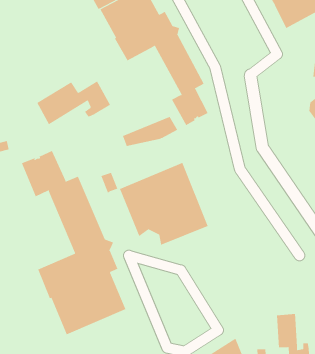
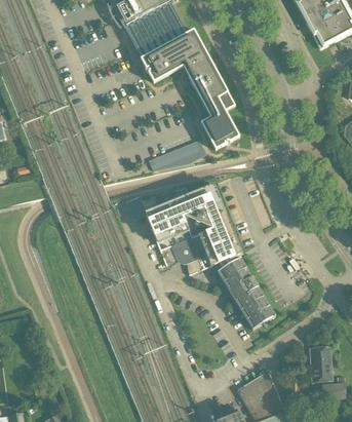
building: [36,81,111,125] -> none
building: [21,150,126,335] -> none
building: none -> [218,258,276,330]

